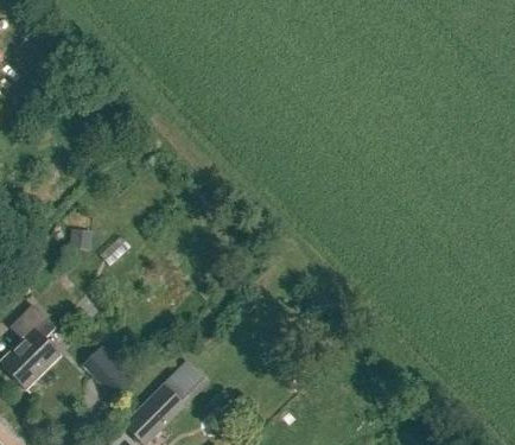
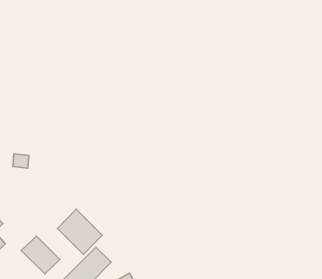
building: none -> [58,209,102,255]

